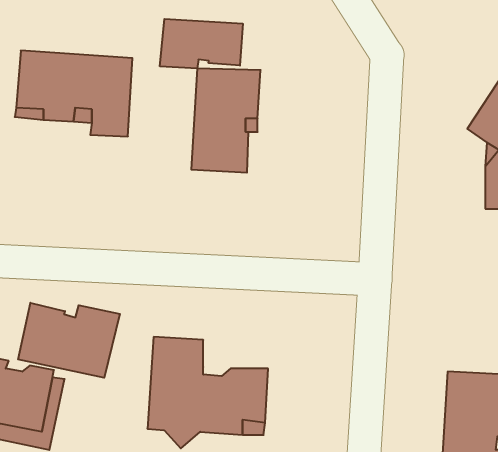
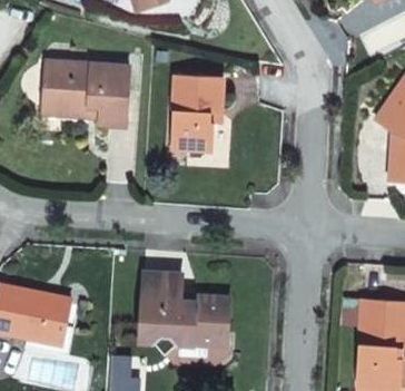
building: [160,19,243,69] -> none
building: [18,303,120,378] -> none

